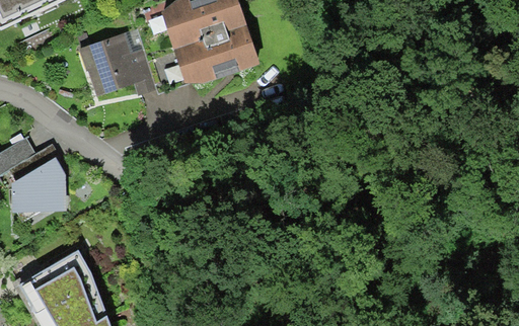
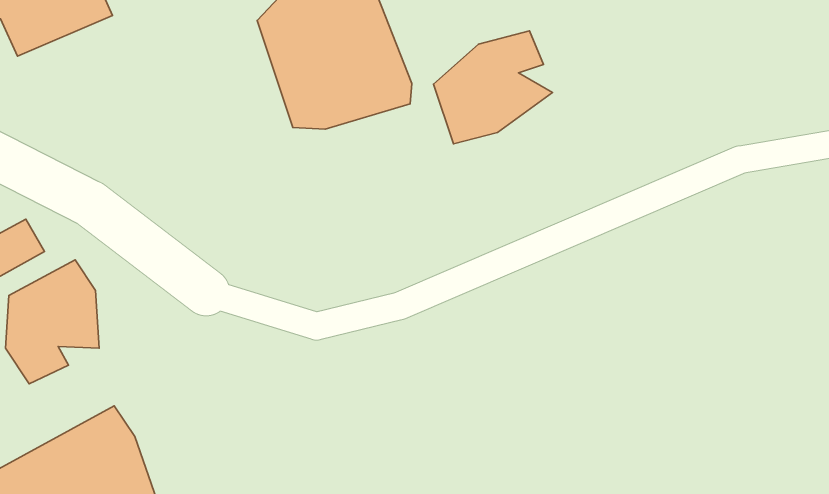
building: none -> [434,31,552,144]
building: [76,26,155,94] -> none

